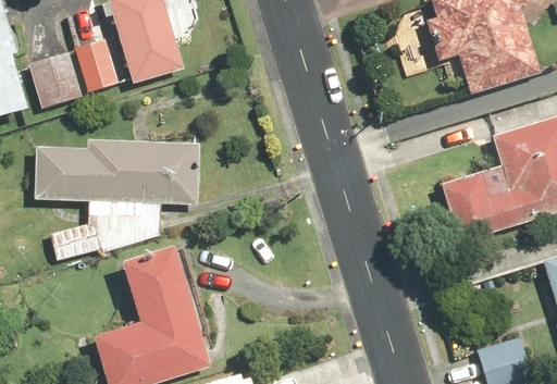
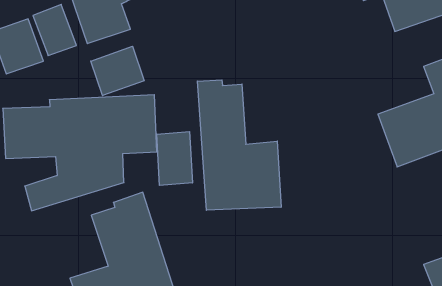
building: none -> [91,46,144,96]
building: none -> [197,80,281,210]
building: none -> [157,132,192,185]

